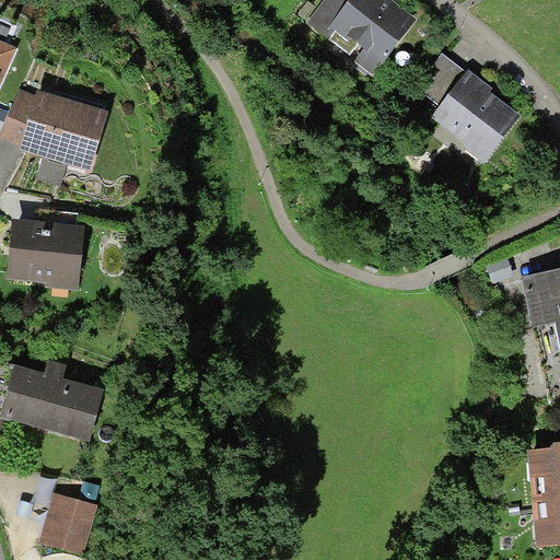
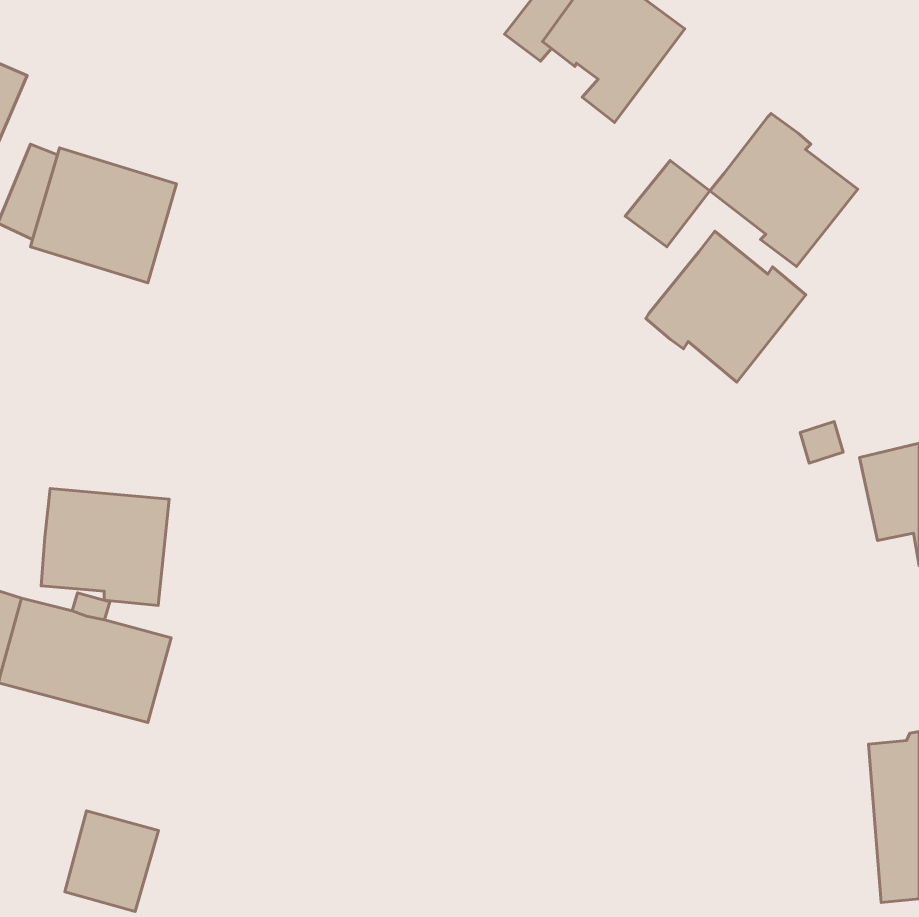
building: [415,52,466,105] -> [625,160,710,247]
building: none -> [646,231,806,382]
building: [7,219,84,290] -> [41,488,169,606]

